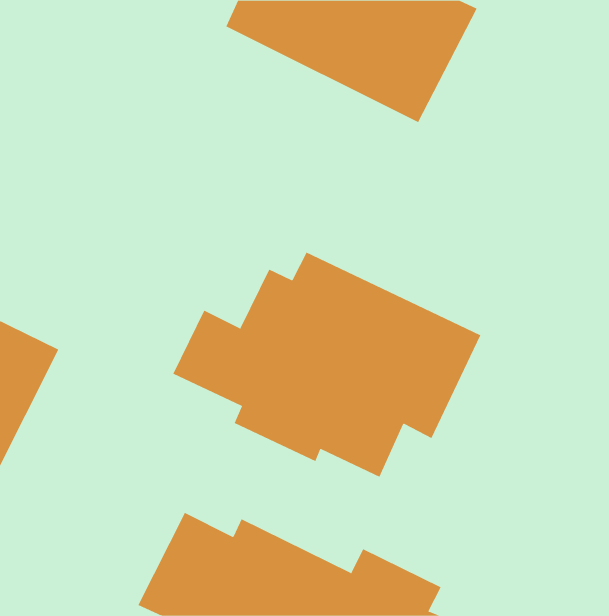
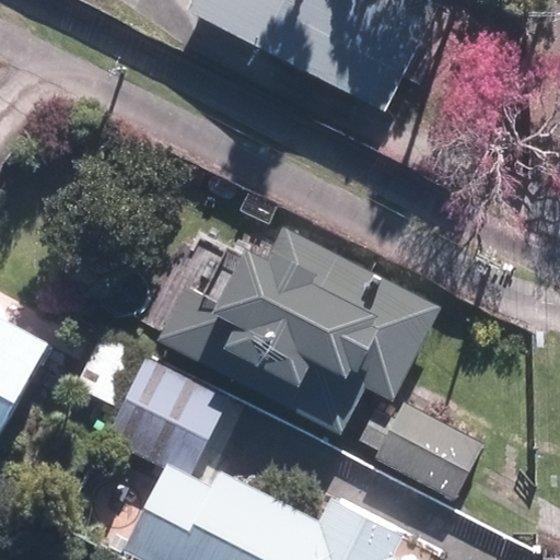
building: none -> [110,361,226,472]
building: none -> [361,401,485,501]

